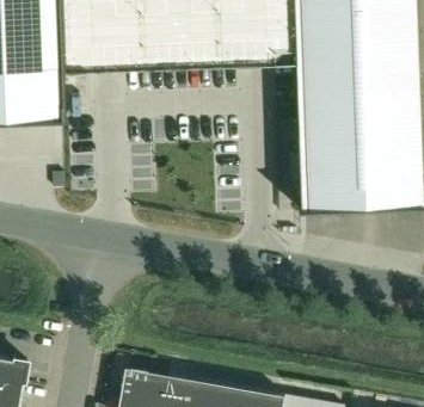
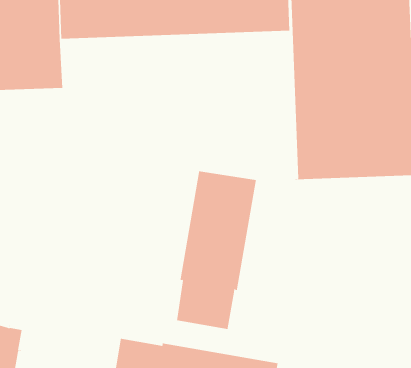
building: none -> [177,170,256,330]

